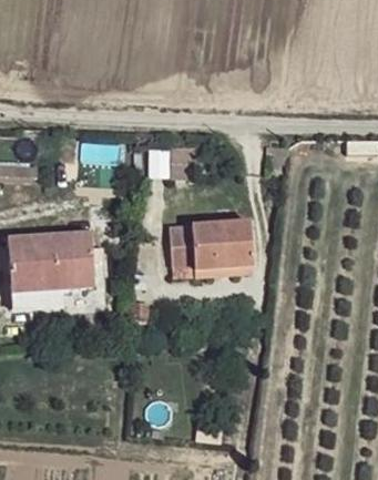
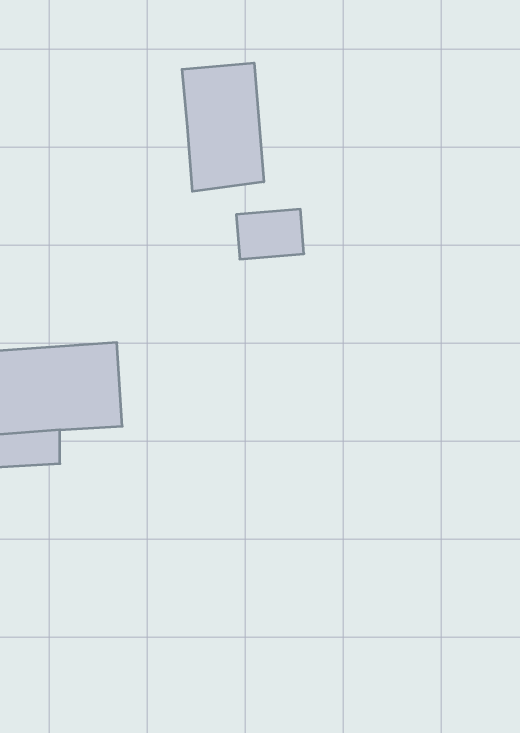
building: none -> [182,63,264,191]
building: [170,222,254,268] -> none

